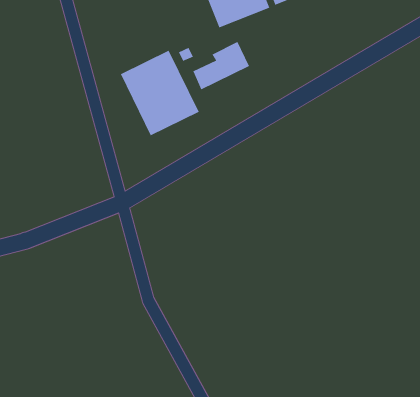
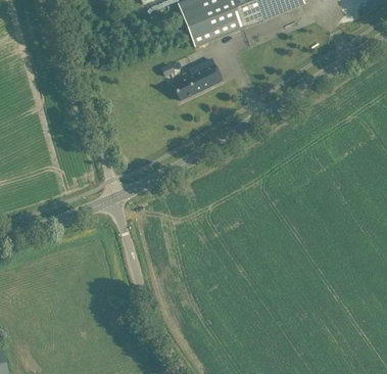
building: [120,50,199,136] -> none

